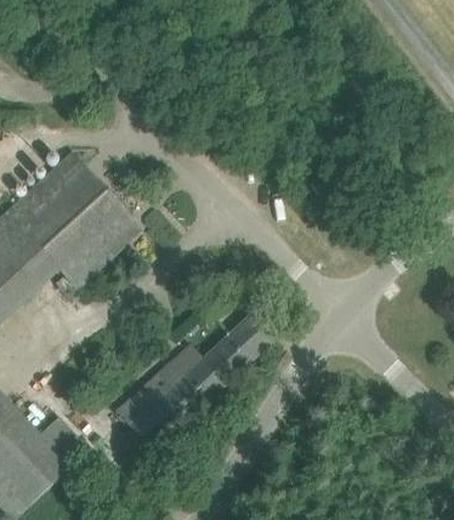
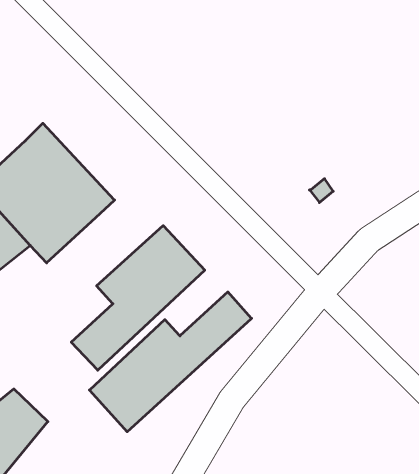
building: none -> [71,226,205,370]

